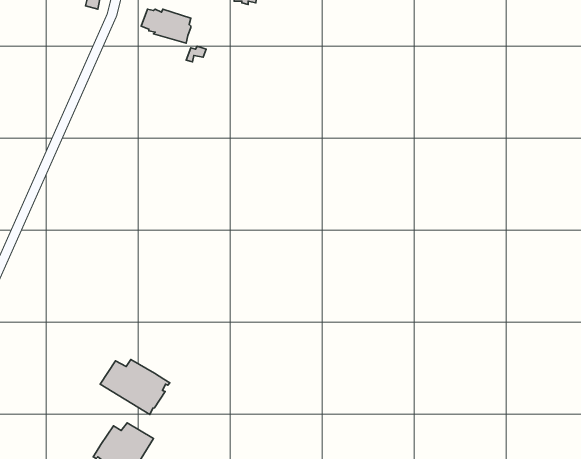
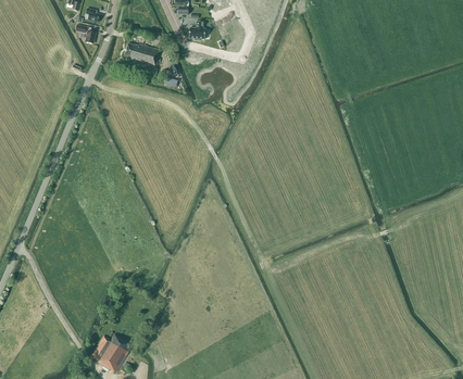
building: [100,360,170,415] -> none

